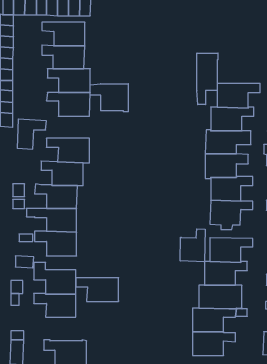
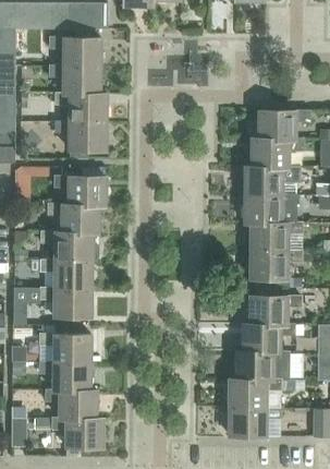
building: [197,53,218,105] -> none
building: [90,84,128,112] -> none
building: [180,229,205,262] -> none
building: [76,278,119,301] -> [47,390,98,419]

